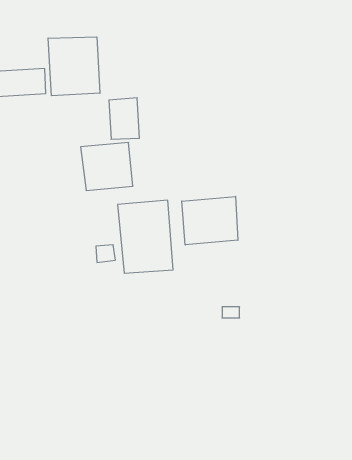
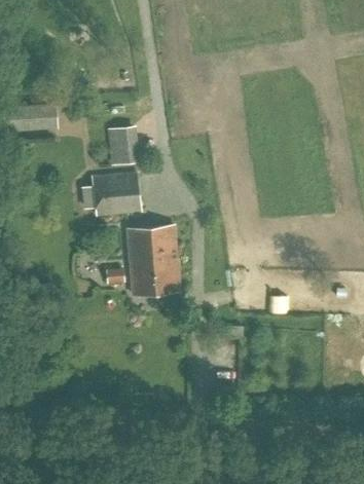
building: [48,37,100,96] -> none
building: [182,196,238,245] -> none

